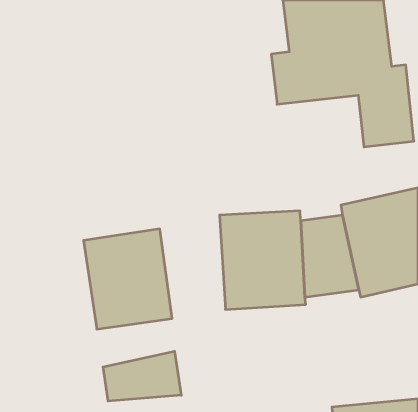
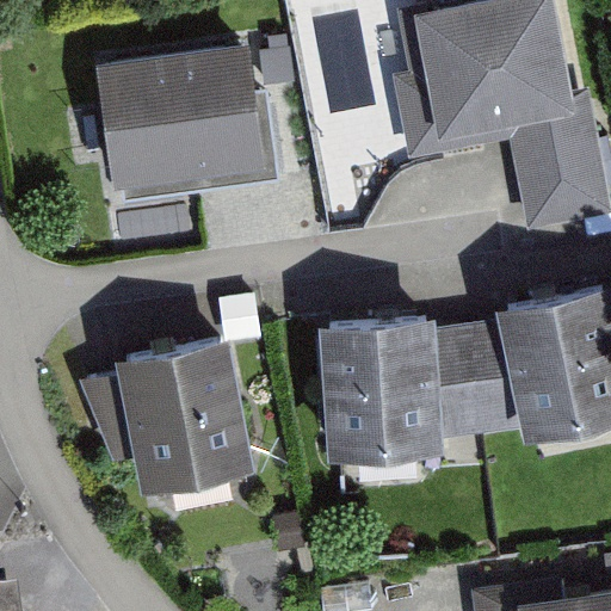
building: none -> [101,49,270,197]
building: [103,351,181,401] -> none

